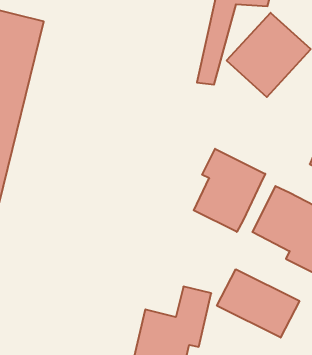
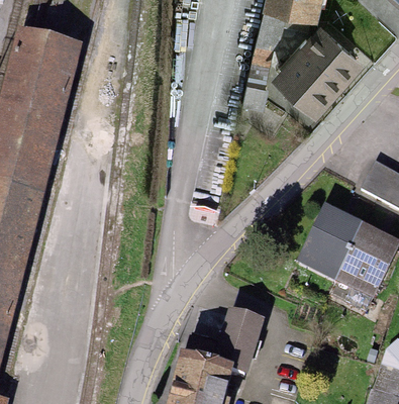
building: [194,149,265,232] -> none
building: [217,269,299,338] -> none

